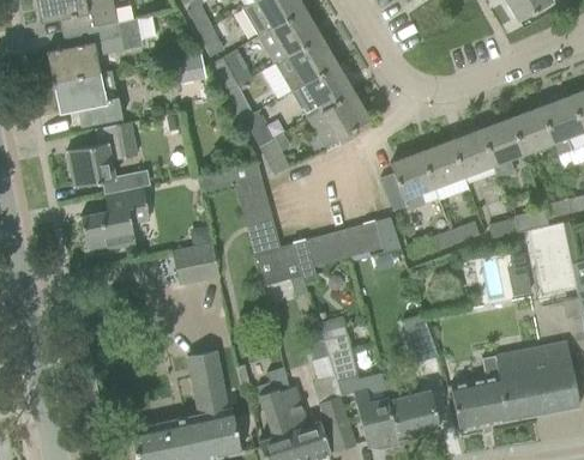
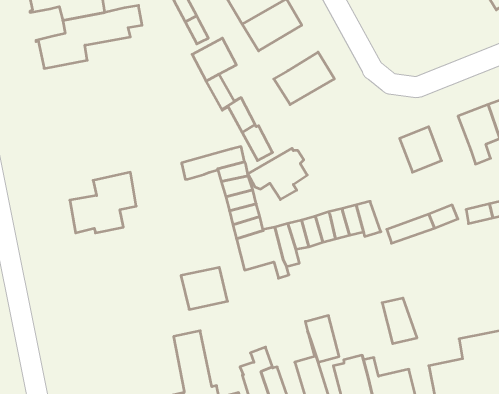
building: [276,36,337,91] -> none
building: [174,55,206,84] -> none
building: [55,72,122,126] -> none
building: [308,91,369,144] -> [248,148,307,200]
building: [67,122,137,187] -> none
building: [451,129,494,175] -> none
building: [381,152,434,210] -> none
building: [173,243,221,286] -> [181,267,228,309]

